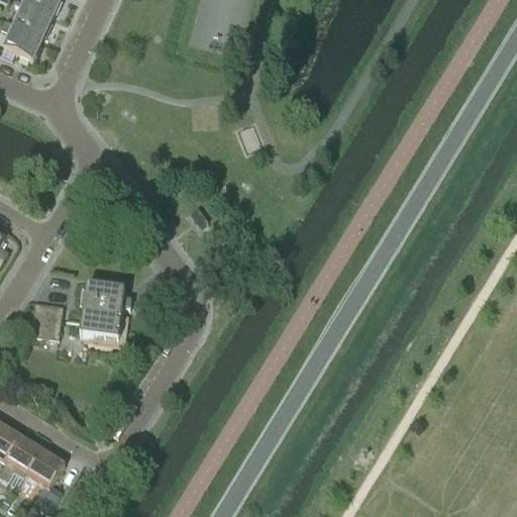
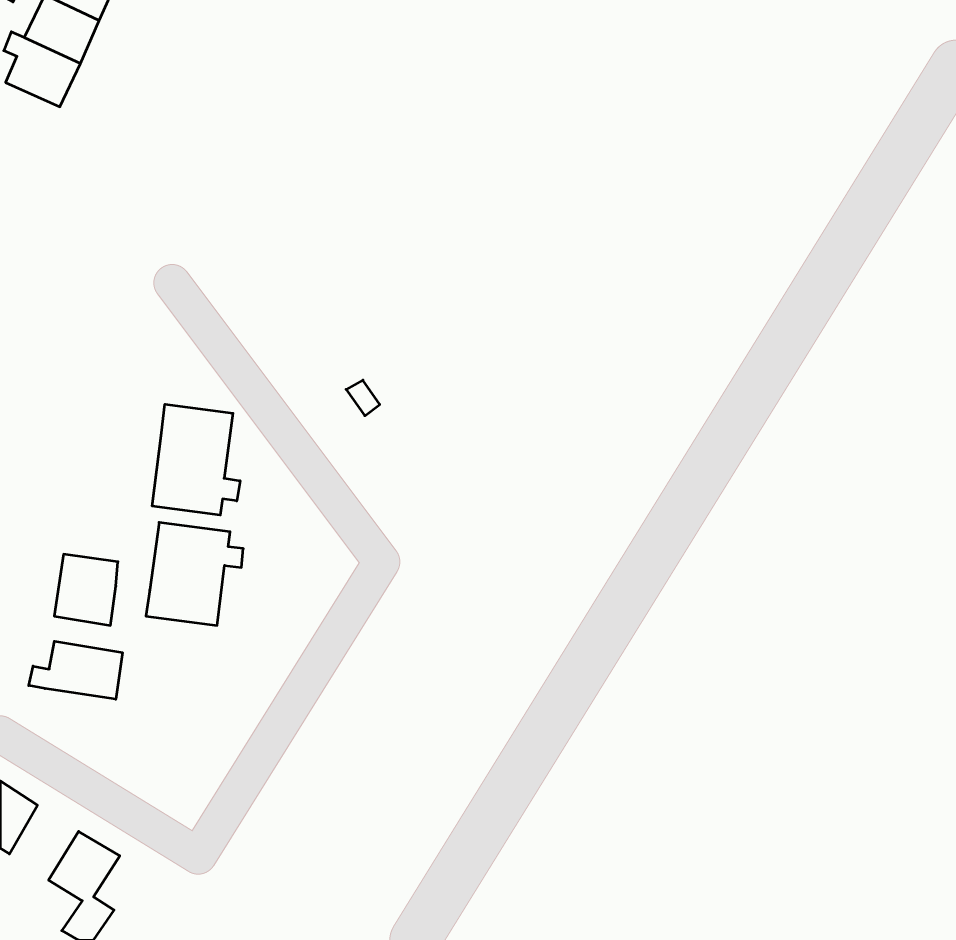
building: none -> [152,404,240,515]
building: none -> [29,641,122,699]
building: [5,434,42,475] -> none

